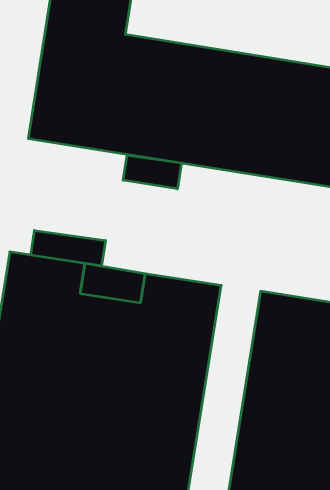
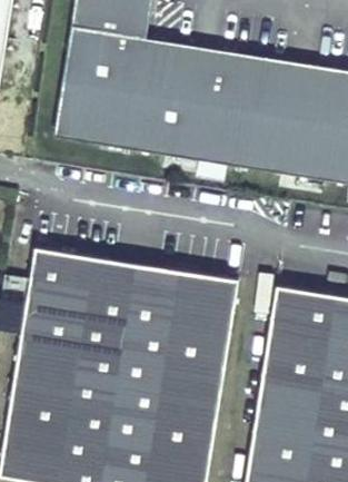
building: [123,155,182,189] -> none
building: [31,230,105,266] -> none

